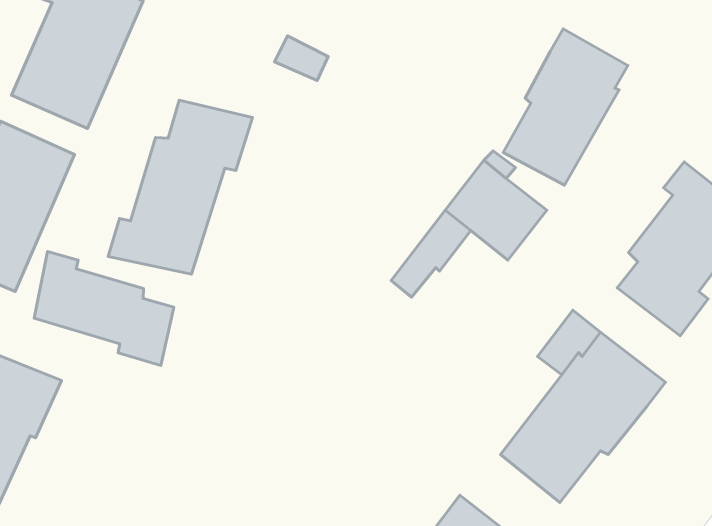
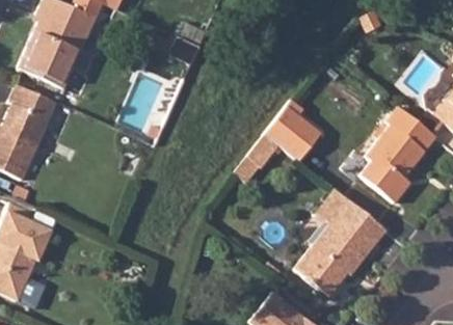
building: [503,29,628,185] -> none
building: [108,100,252,274] -> none
building: [34,252,174,366] -> none

